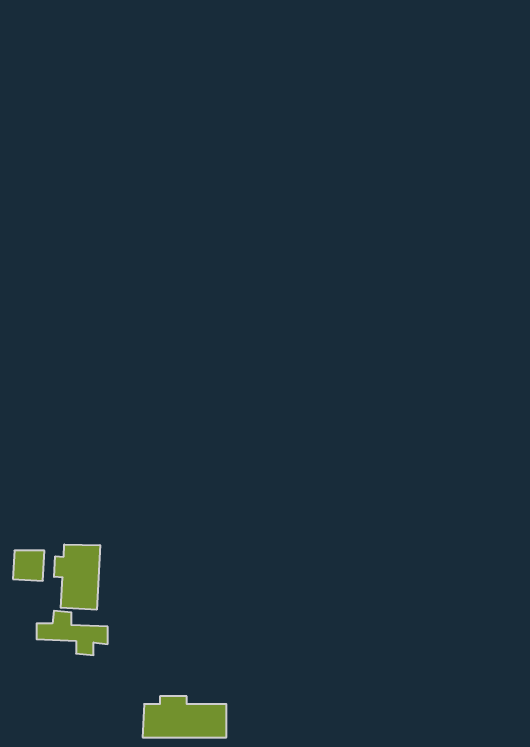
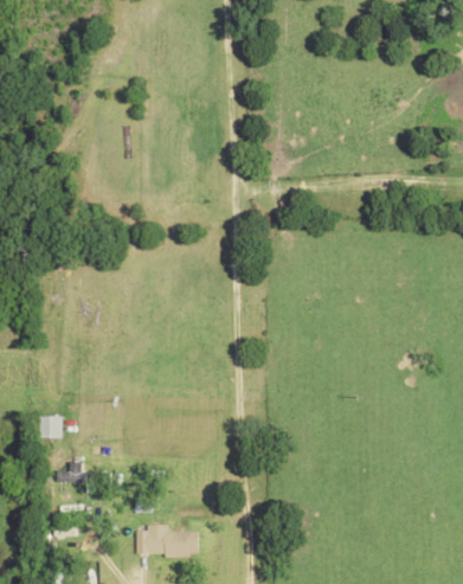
building: [54,544,100,610] -> none

